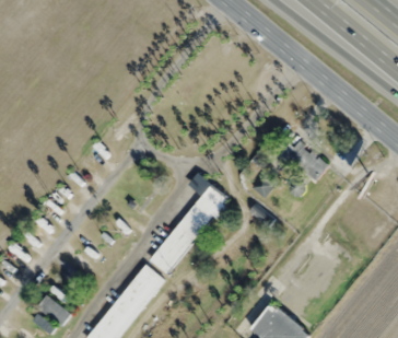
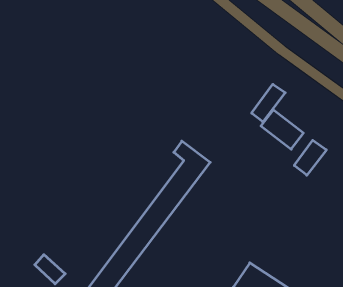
building: none -> [252,84,285,122]
building: none -> [294,140,326,175]

